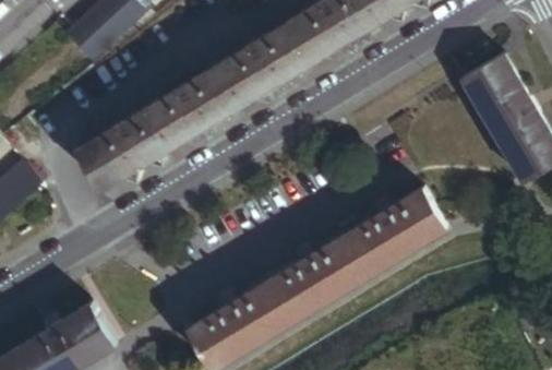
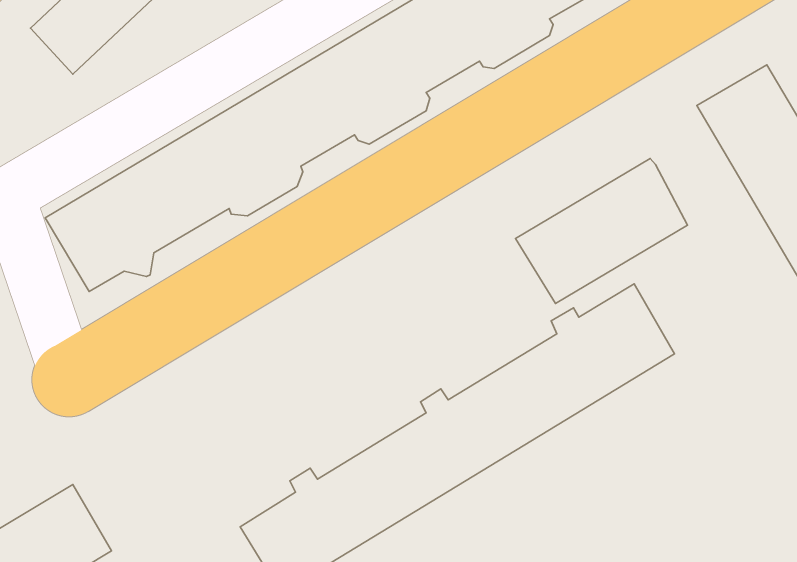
building: none -> [516,158,687,304]

